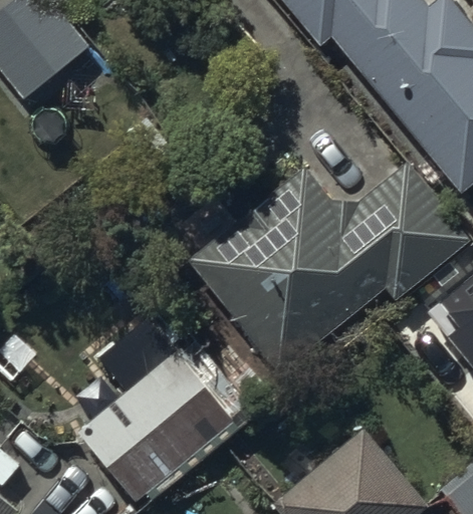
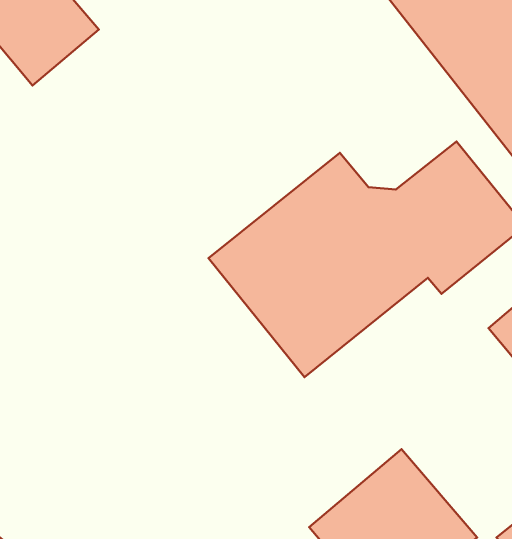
building: [89,361,230,497] -> none

